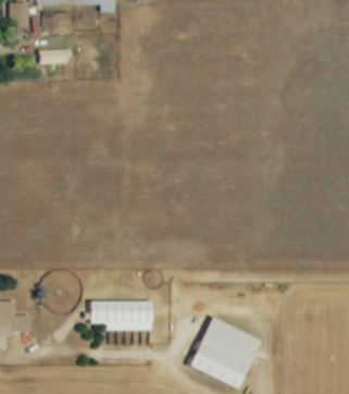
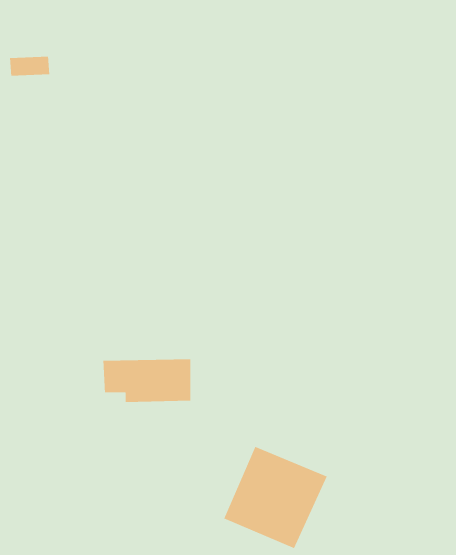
building: [88,299,149,330] -> [103,358,191,403]

